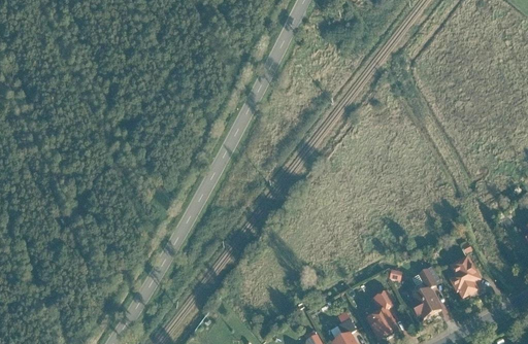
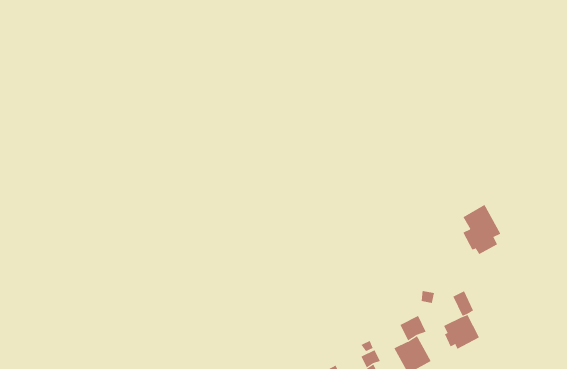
building: [448,252,482,297] -> [462,204,501,255]

